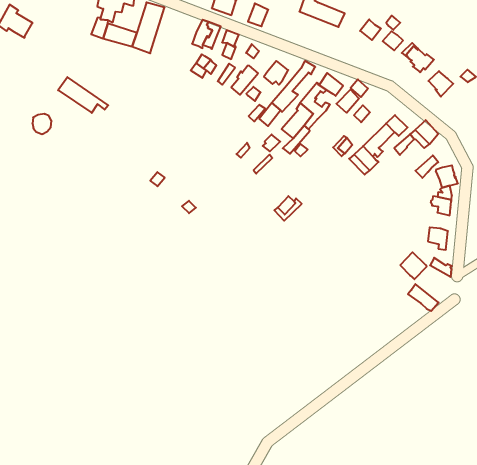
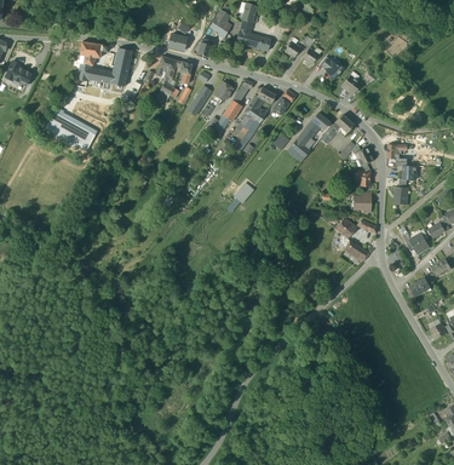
building: none -> [45,109,94,151]

